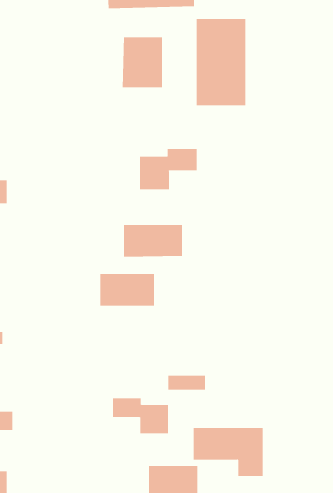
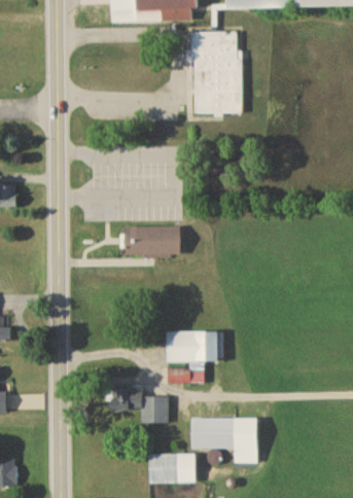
building: [122,36,163,88] -> none
building: [139,148,197,190] -> none
building: [99,273,155,306] -> [166,330,218,361]

